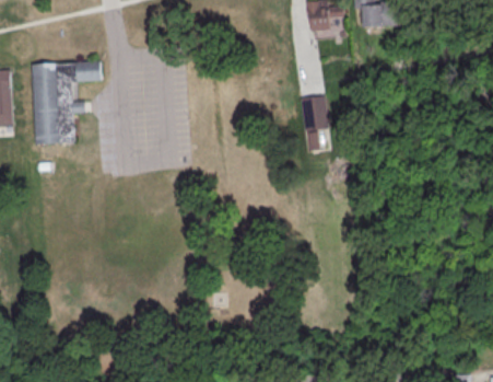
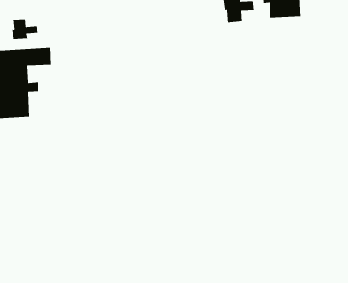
building: none -> [12,19,38,40]
building: [300,96,329,132] -> none

